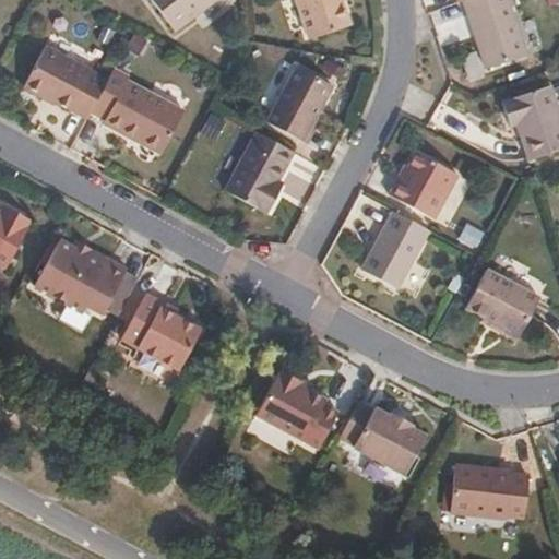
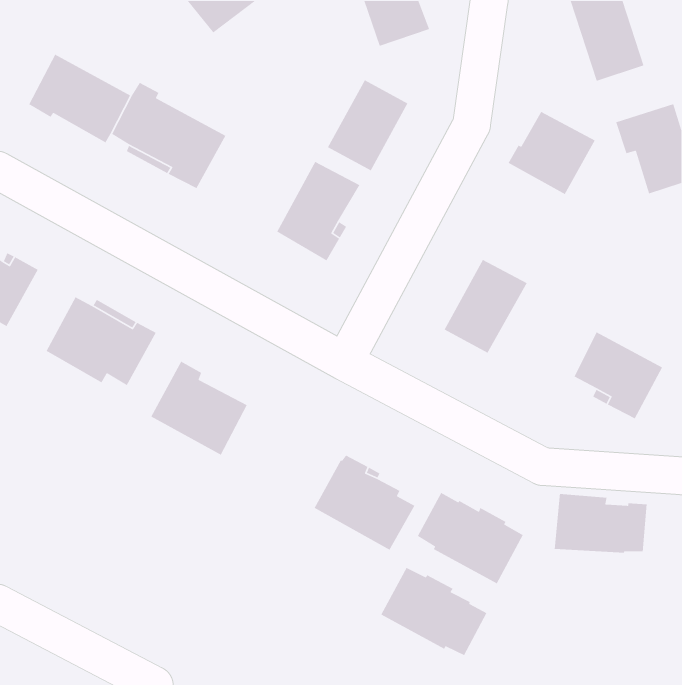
building: [390,151,462,219] -> [507,111,596,195]
building: none -> [380,567,488,656]
building: [452,463,528,512] -> [554,493,648,554]

